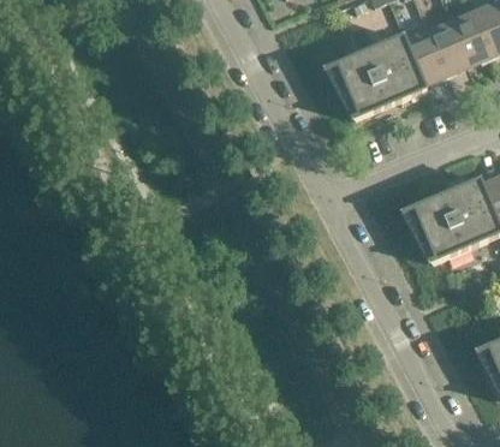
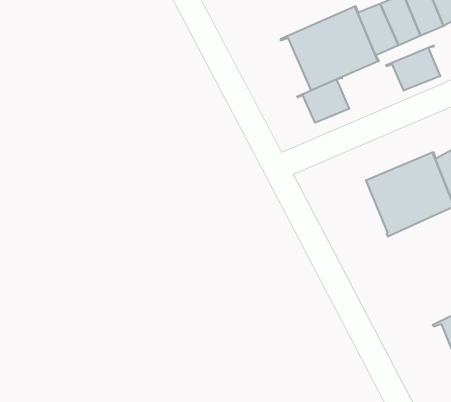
building: none -> [386,45,440,91]
building: none -> [297,77,349,123]

